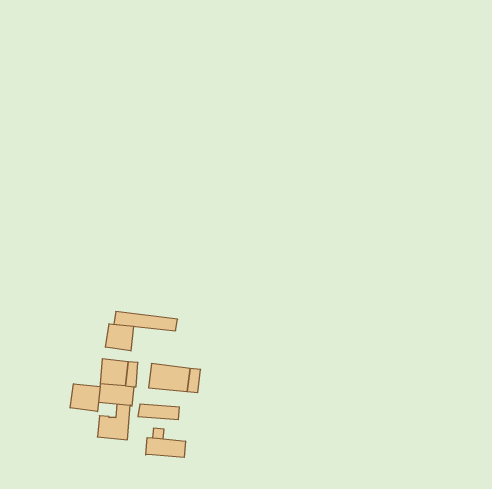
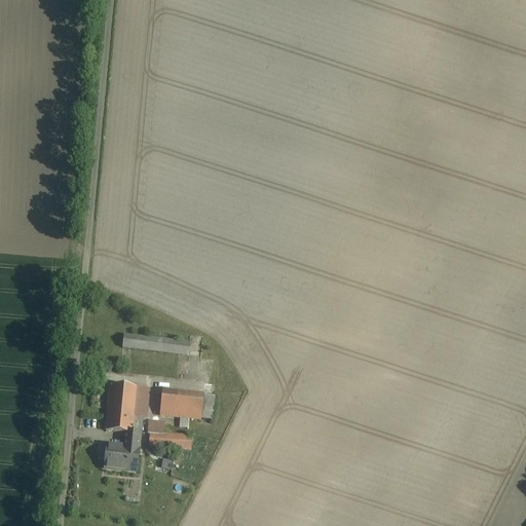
building: [106,324,134,351] -> none
building: [70,384,100,412] -> none
building: [146,438,185,457] -> none

